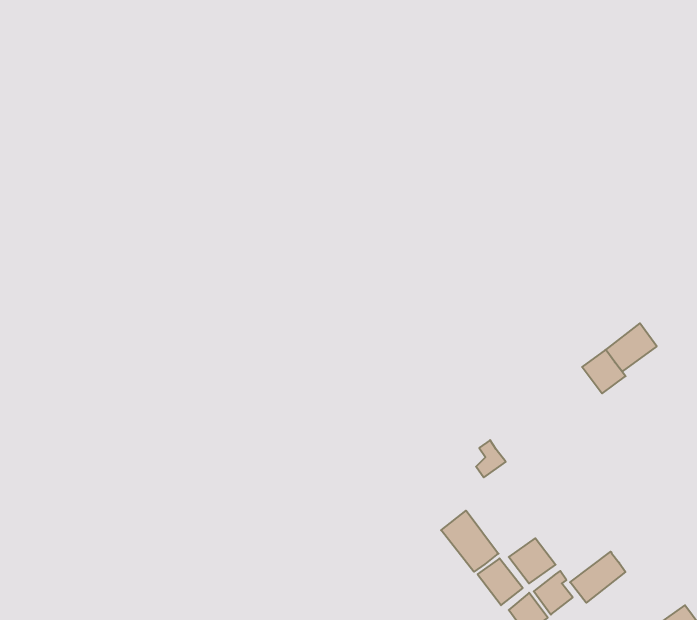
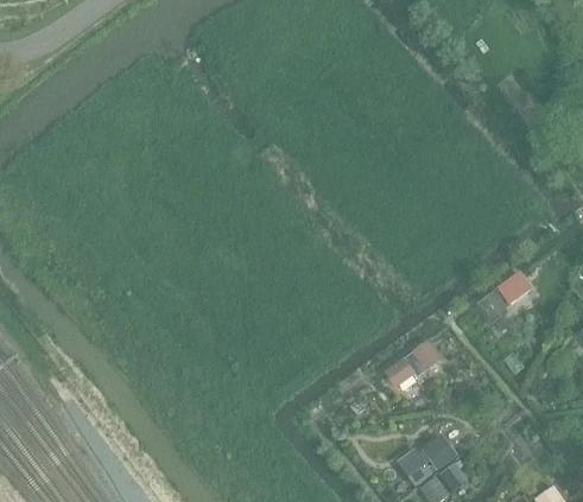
building: [441,511,499,572] -> none
building: [570,552,625,603] -> none

